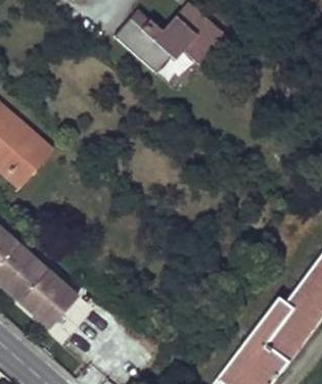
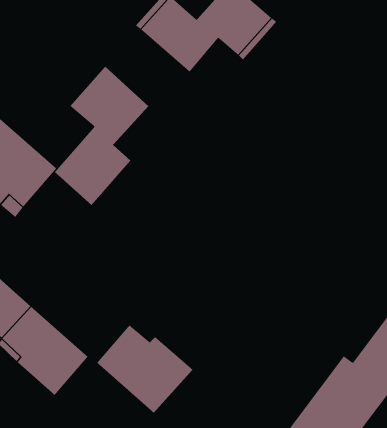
building: none -> [54,66,149,206]
building: none -> [96,324,193,414]

